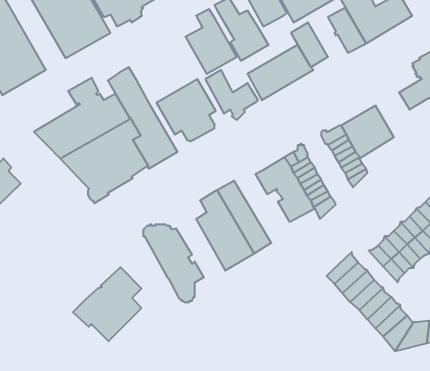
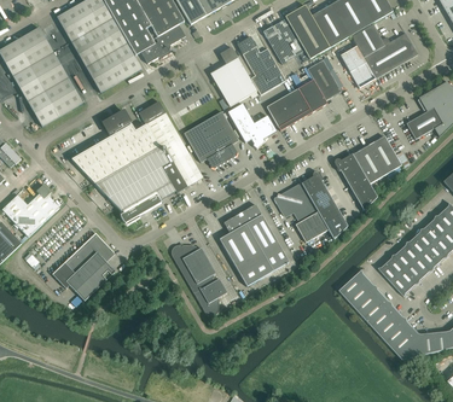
building: [73,267,141,341] -> [52,233,115,301]

